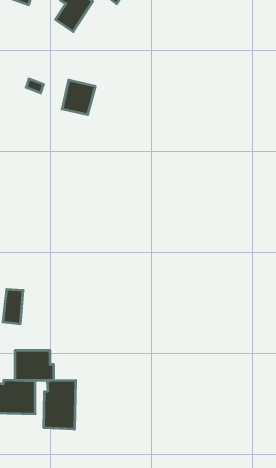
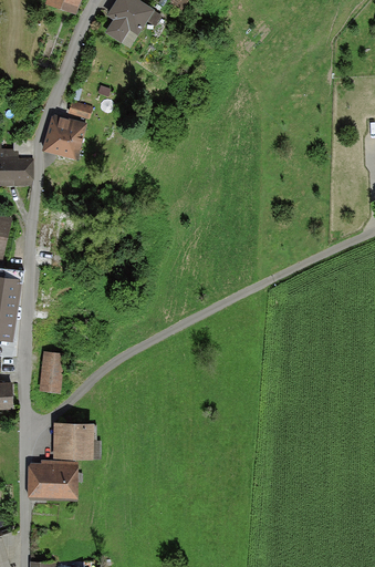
building: [62,80,95,114] -> [43,117,83,158]
building: [44,380,76,429] -> none

